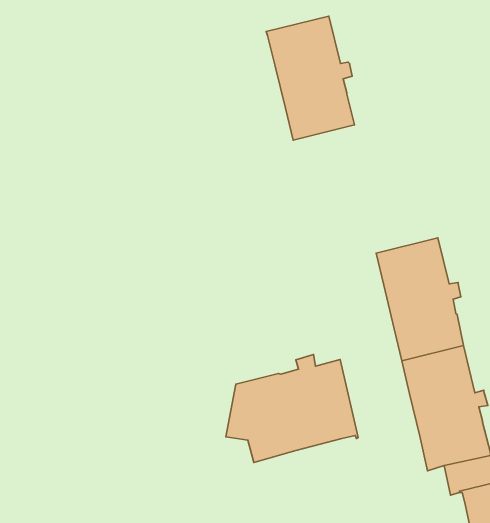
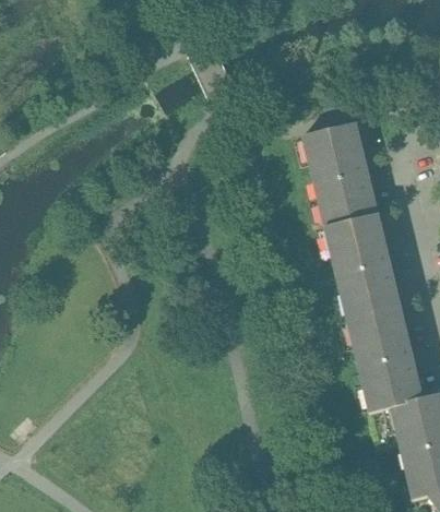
building: [266,16,355,140] -> [302,123,378,229]
building: [226,355,358,462] -> none

